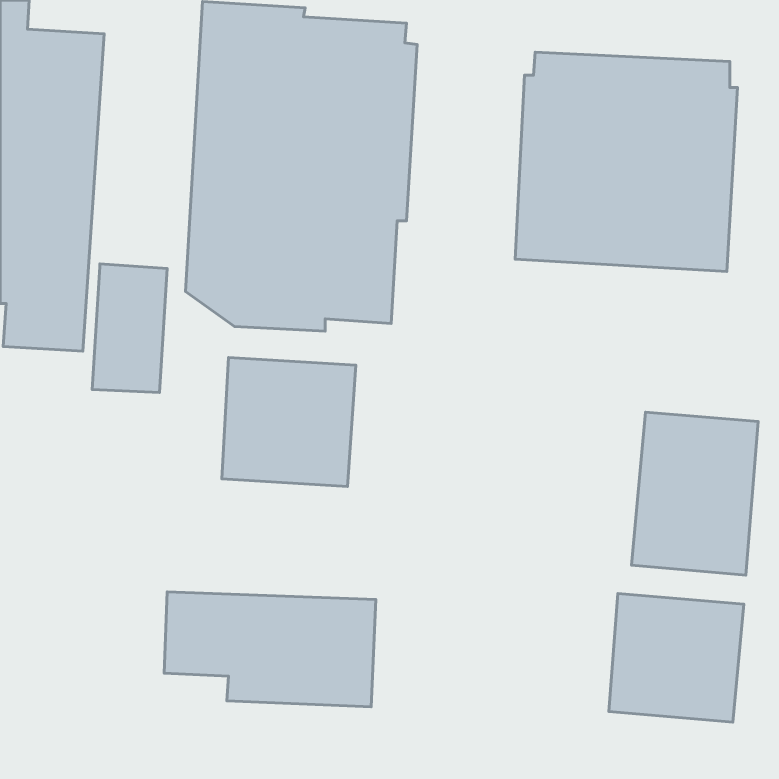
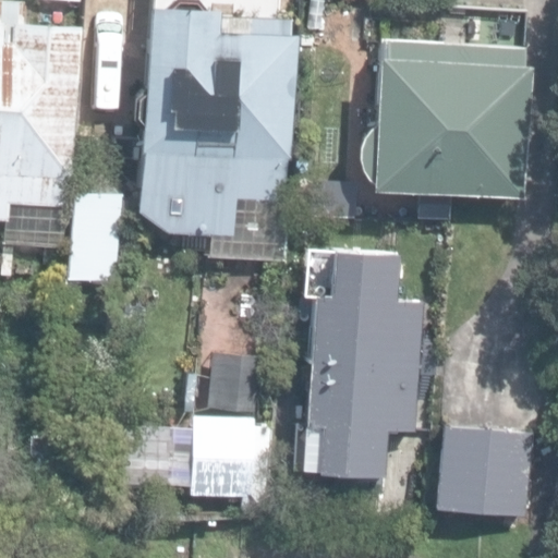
building: none -> [303,250,425,497]
building: [222,357,356,486] -> none
building: [632,412,758,575] -> none

